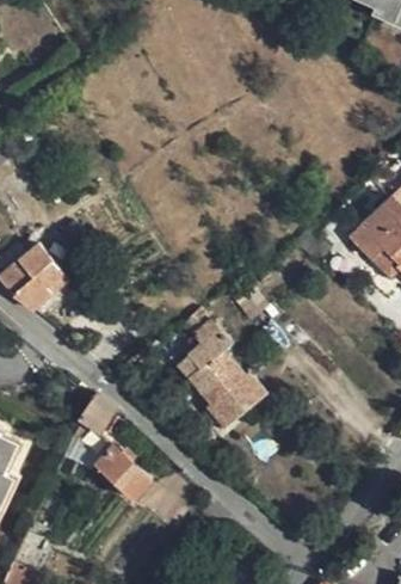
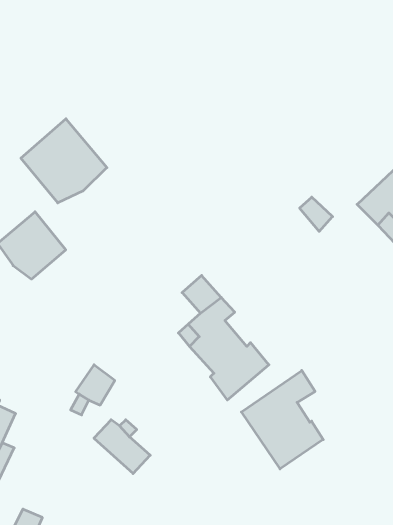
building: none -> [21,119,107,203]
building: none -> [241,370,323,469]

